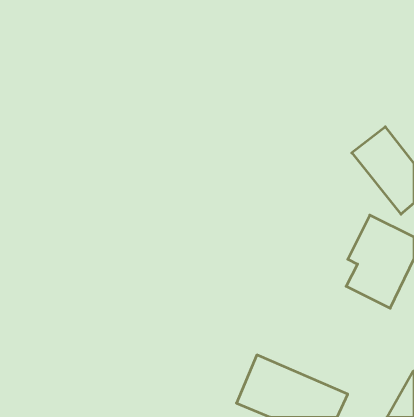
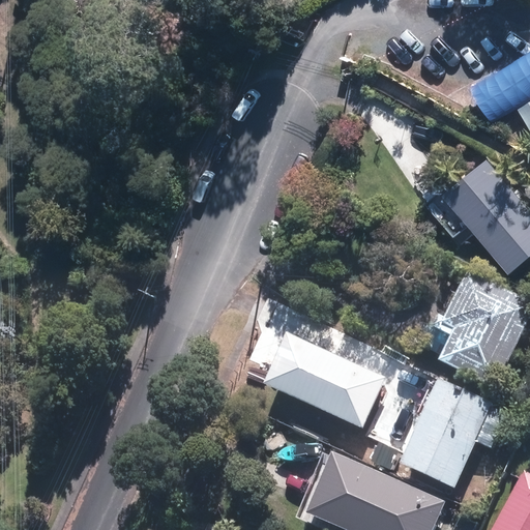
building: none -> [259,331,382,428]
building: none -> [401,380,492,490]

